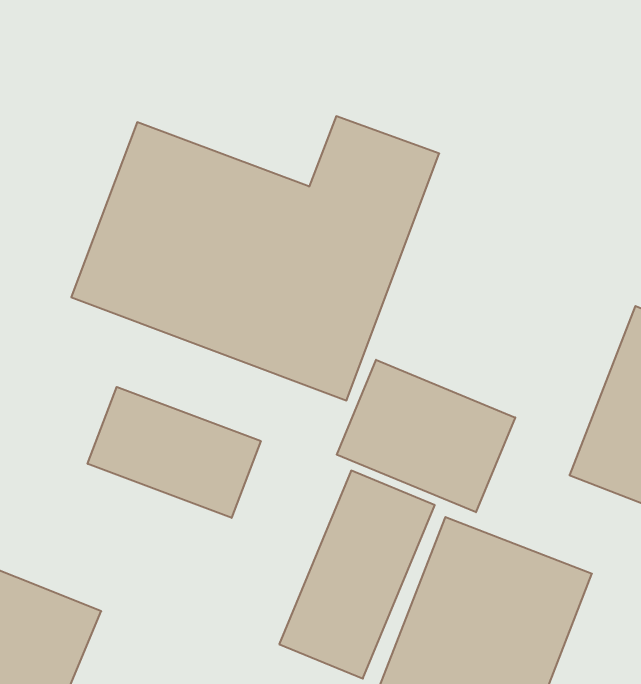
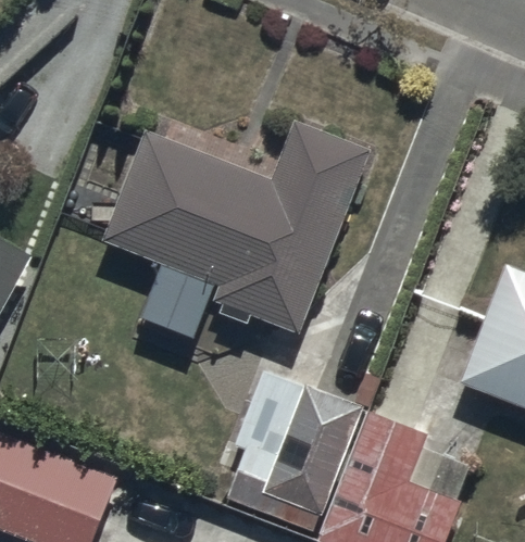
building: [337,360,515,512] -> none
building: [88,387,261,518] -> none

